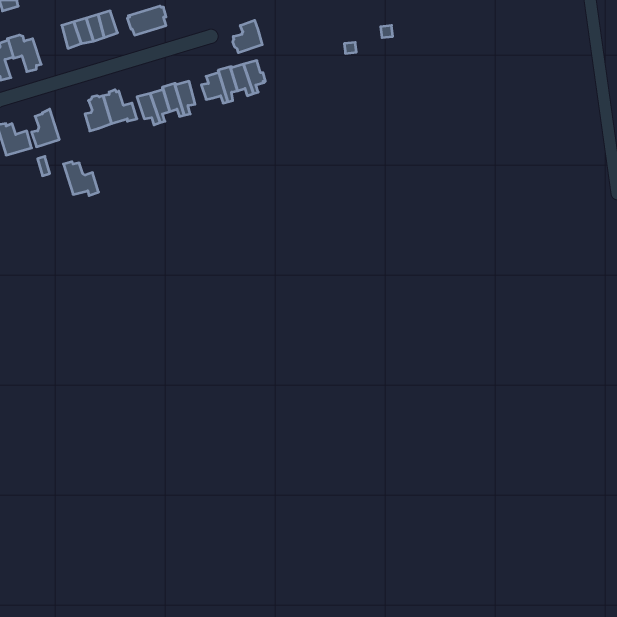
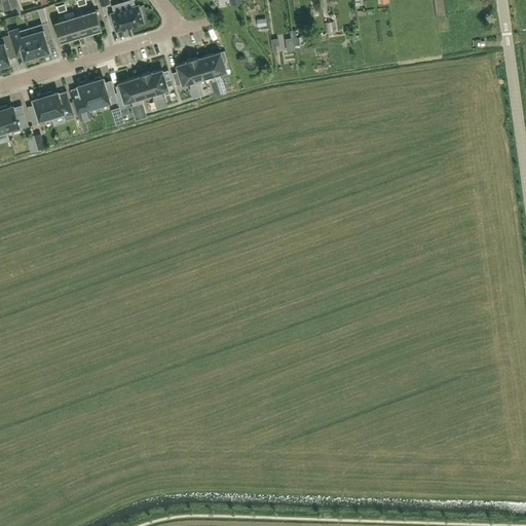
building: [233,20,262,53] -> none
building: none -> [28,23,51,59]
building: [63,162,99,196] -> [42,92,72,121]

